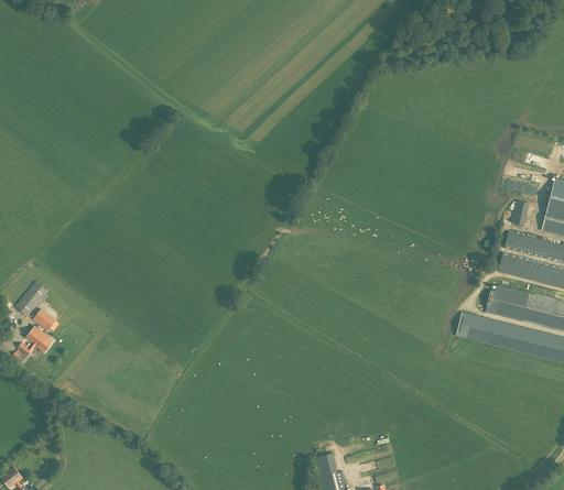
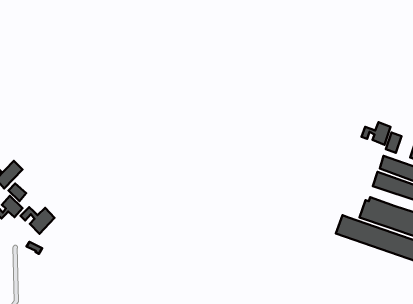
building: none -> [362,122,390,145]
building: none -> [21,207,55,234]

